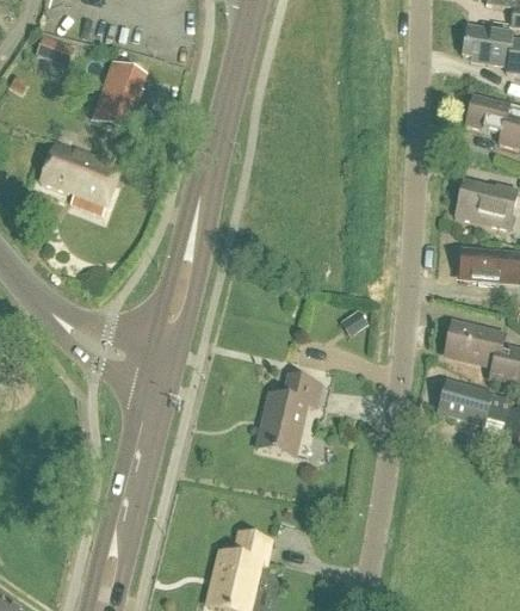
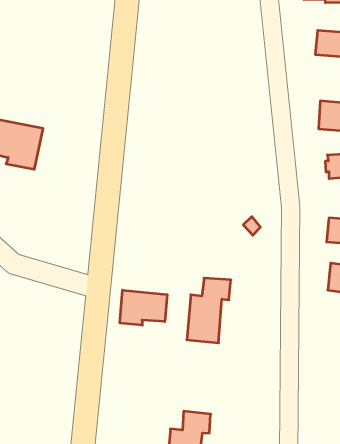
building: [93,74,140,128] -> none
building: none -> [120,290,167,325]

